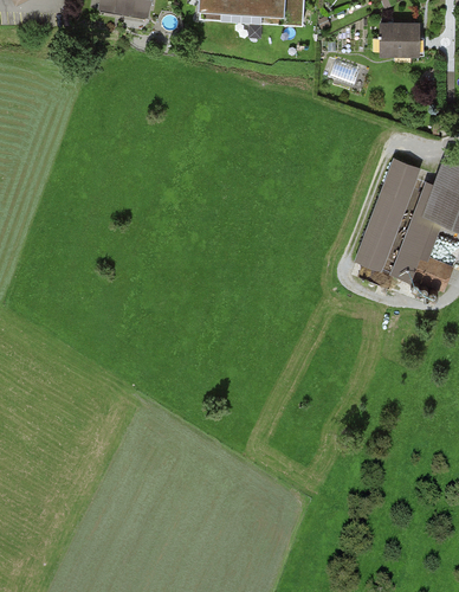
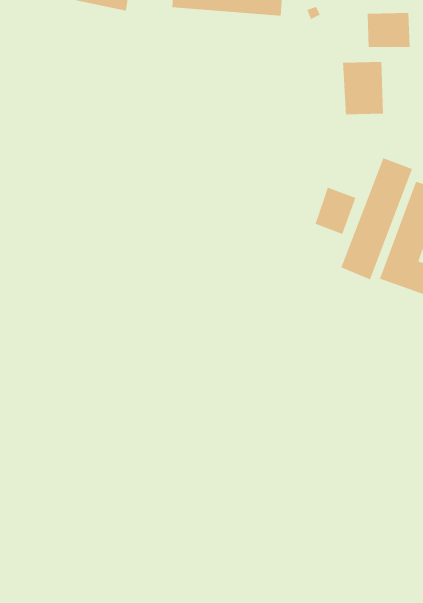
building: none -> [343,61,383,115]
building: none -> [315,187,356,235]

